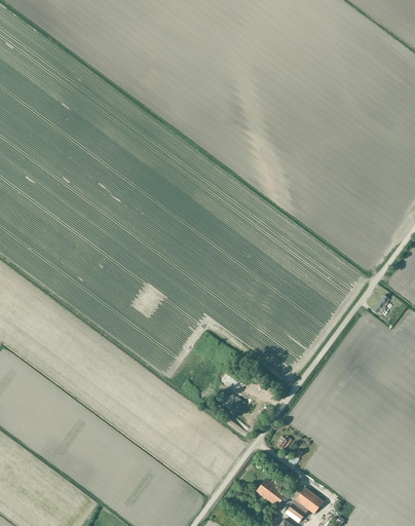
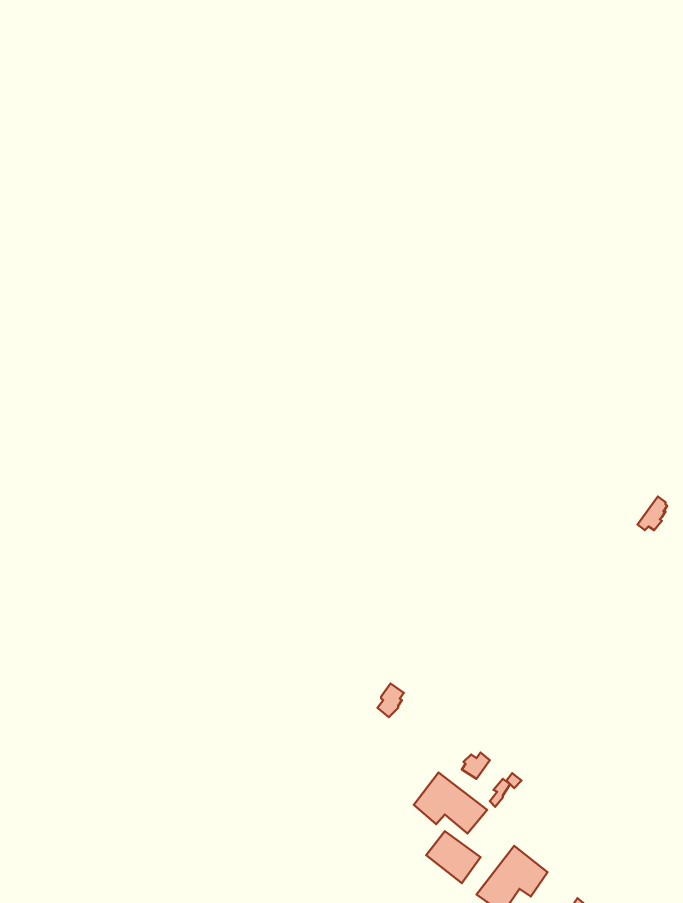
building: none -> [414,772,487,834]

